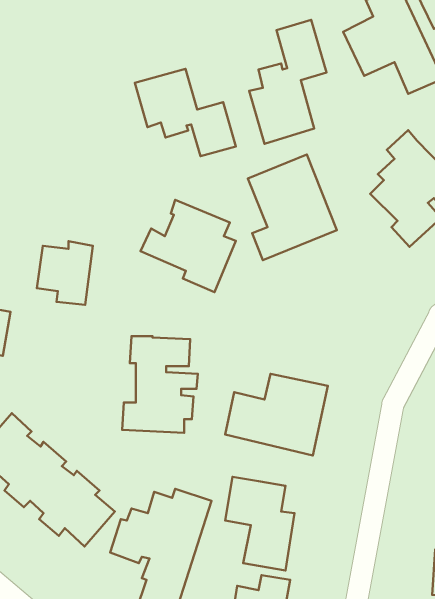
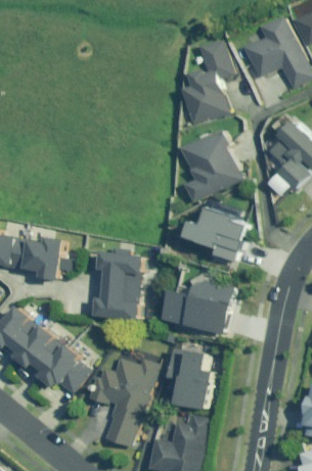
building: [135,69,236,156] -> none
building: [141,200,236,292] -> [185,200,250,263]
building: [37,241,93,305] -> [26,237,63,280]

